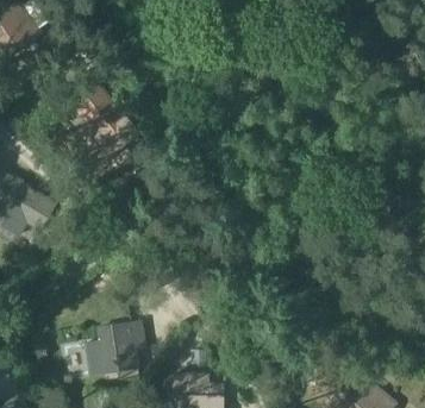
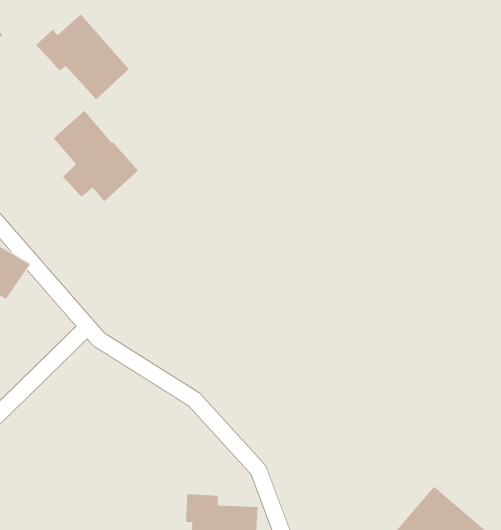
building: none -> [36,14,130,100]
building: [85,320,144,374] -> none

